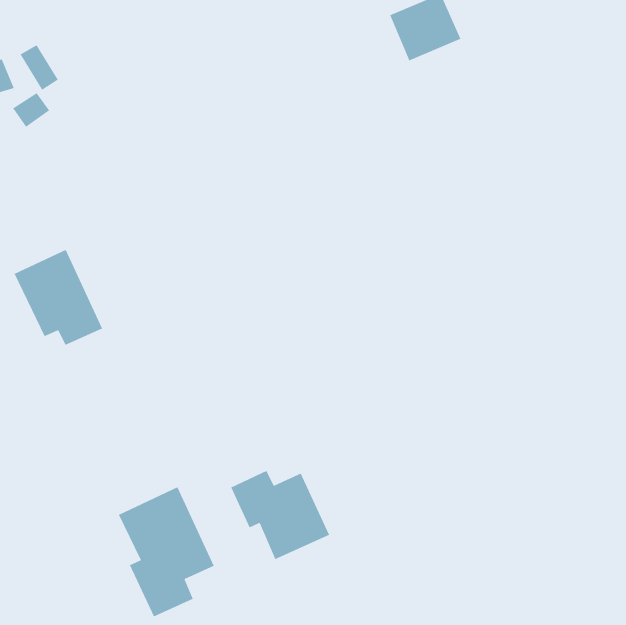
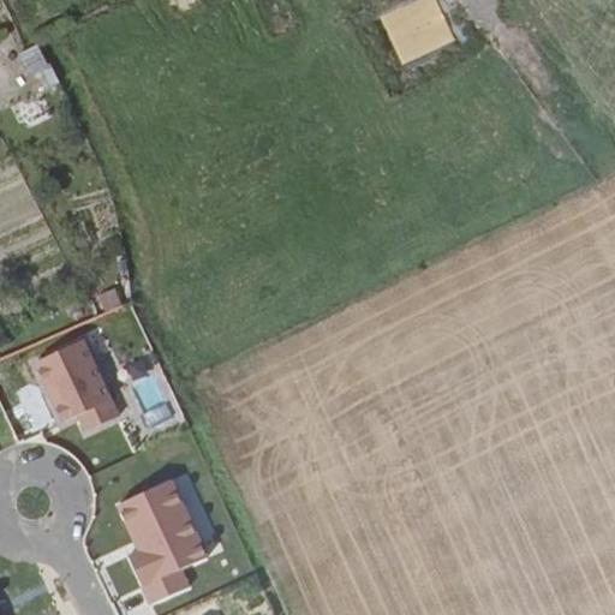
building: [14,249,103,346] -> [31,339,119,434]
building: [230,470,330,560] -> none

